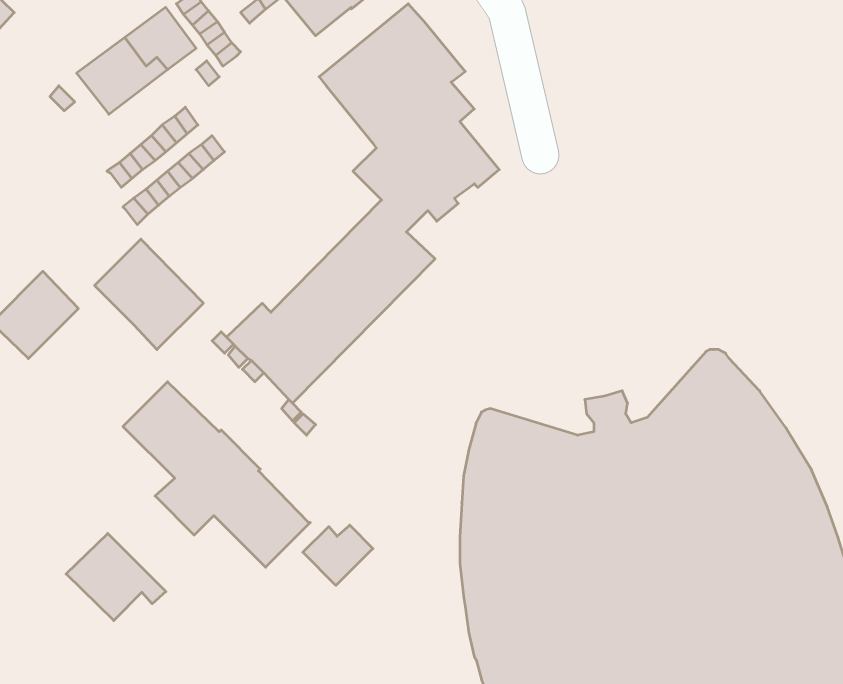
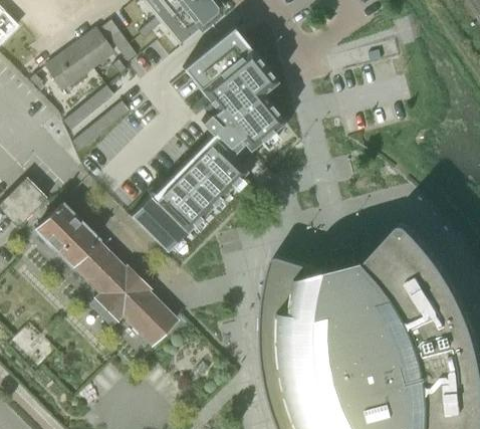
building: [95,239,203,350] -> [38,202,99,264]
building: [303,525,373,585] -> none
building: [66,533,166,621] -> none

